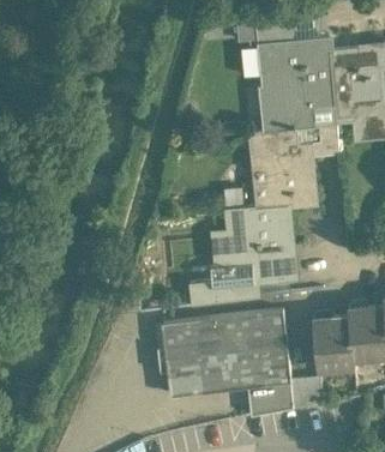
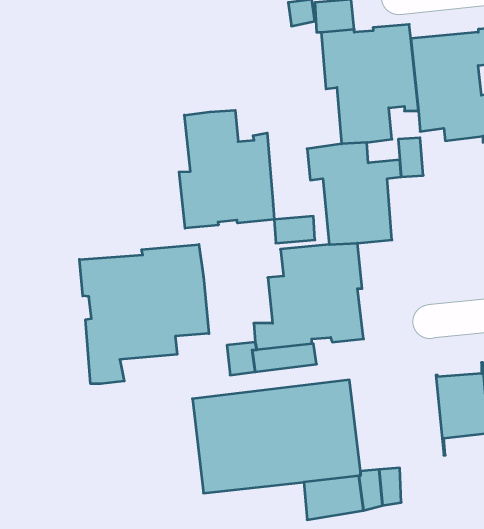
building: none -> [179,110,274,228]
building: none -> [79,244,209,384]
building: [312,307,354,372] -> none

